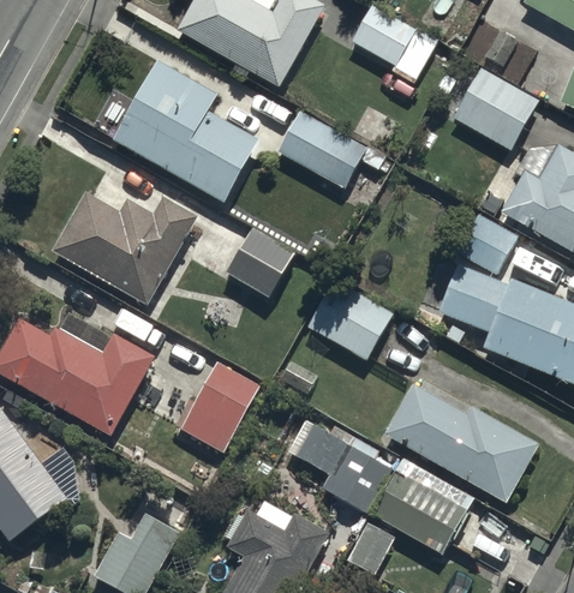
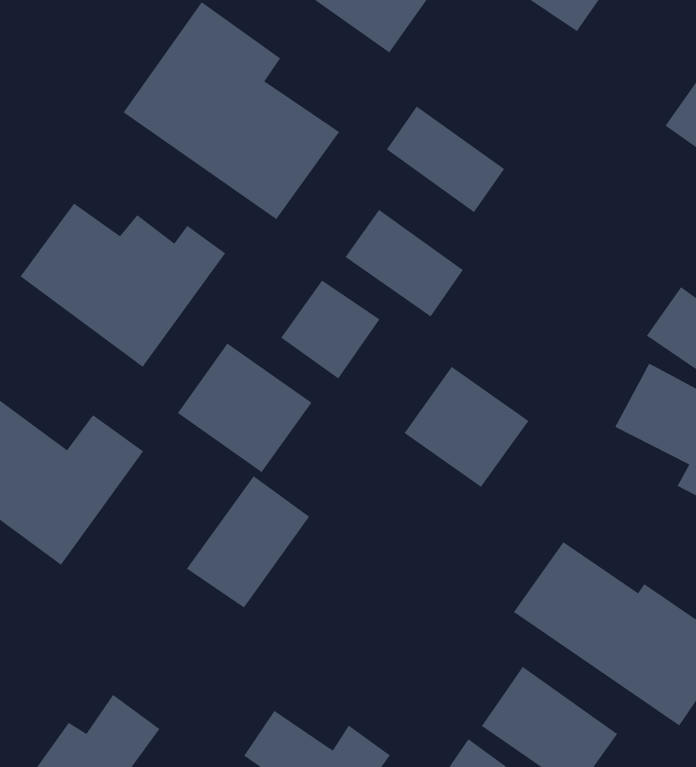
building: none -> [344,209,464,318]
building: none -> [177,342,312,473]
building: [285,414,394,505] -> none

